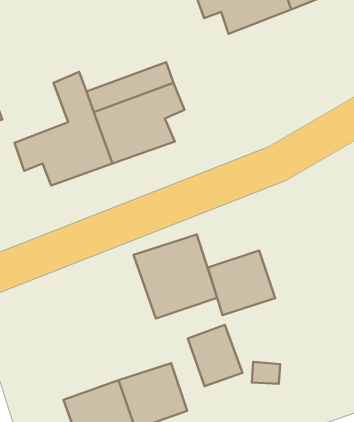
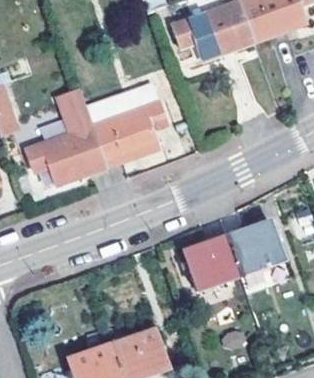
building: none -> [227,221,284,276]
building: [133,234,217,319] -> none
building: [188,325,243,386] -> none

